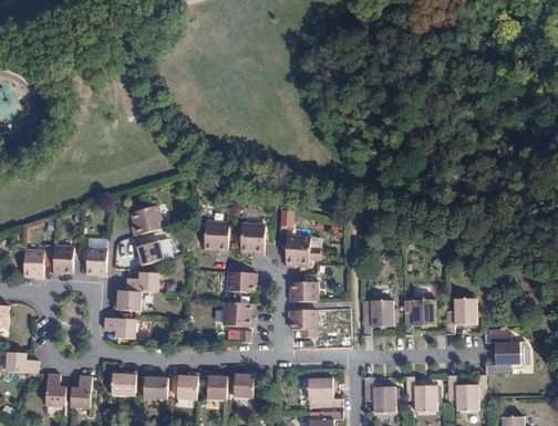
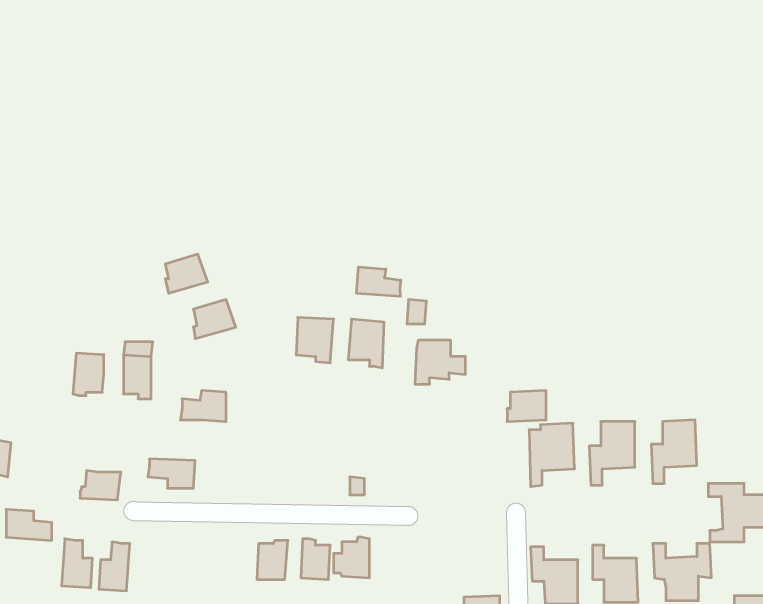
building: none -> [357,267,401,296]
building: [137,240,166,267] -> [165,254,208,293]
building: [24,248,44,279] -> none
building: [231,271,259,294] -> none
building: [290,281,317,302] -> [507,391,546,422]
building: [114,290,142,310] -> [80,471,121,500]
building: [229,302,258,326] -> none
building: [289,310,317,337] -> none
building: [113,371,137,395] -> none
building: [144,373,168,399] -> none
building: [302,380,343,412] -> none

